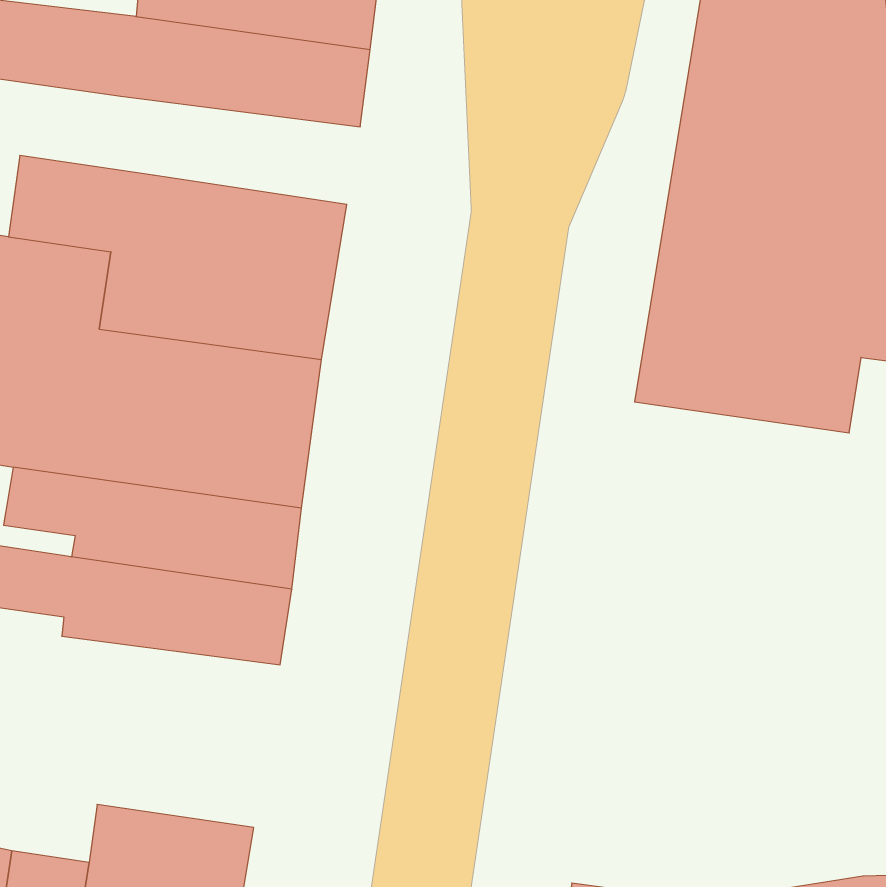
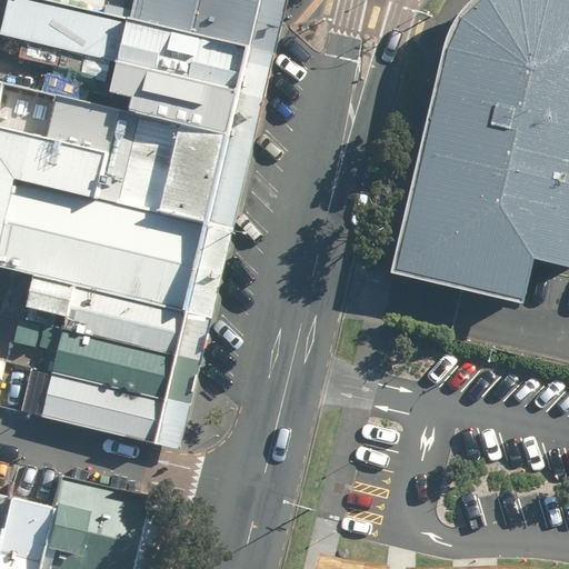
building: none -> [107,64,252,140]
building: none -> [40,376,176,445]

